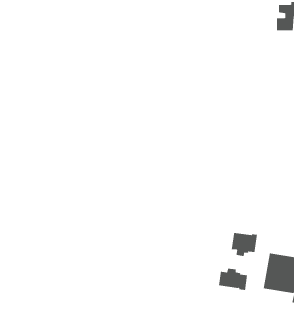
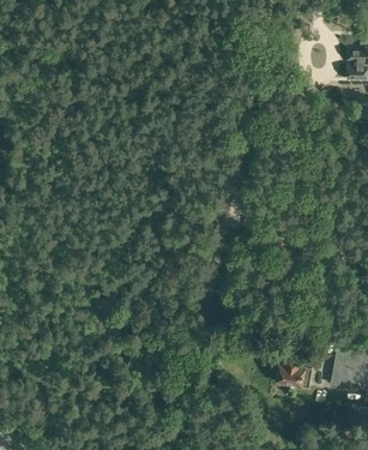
building: [231,232,258,257] -> none

